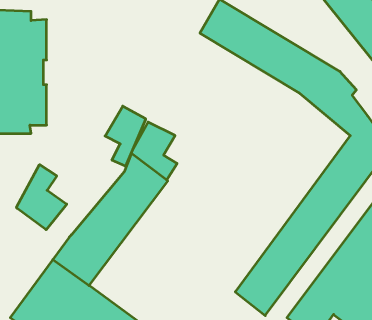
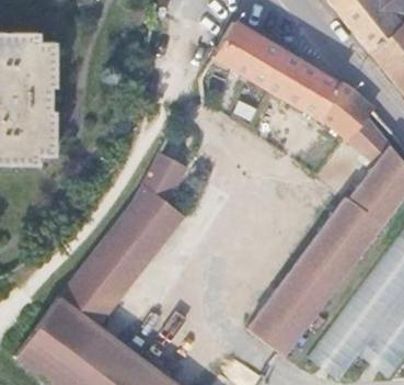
building: [105,106,146,166] -> none
building: [17,165,67,230] -> none

